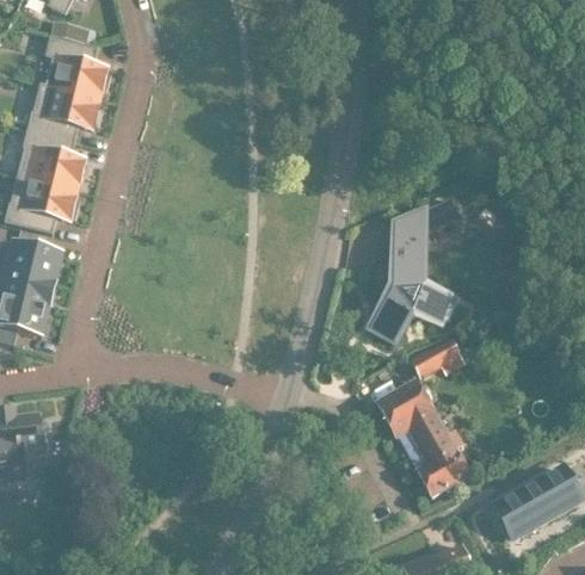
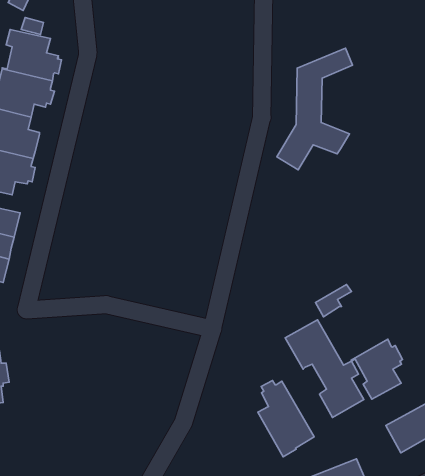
building: [369,198,458,342] -> [277,48,352,170]
building: none -> [351,339,403,399]
building: none -> [258,380,314,457]

